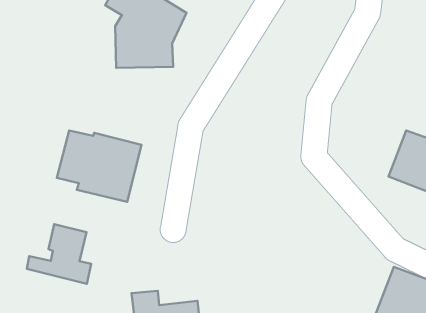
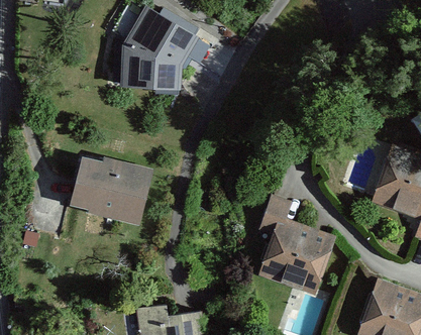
building: none -> [258,196,331,289]
building: [27,224,91,284] -> none

